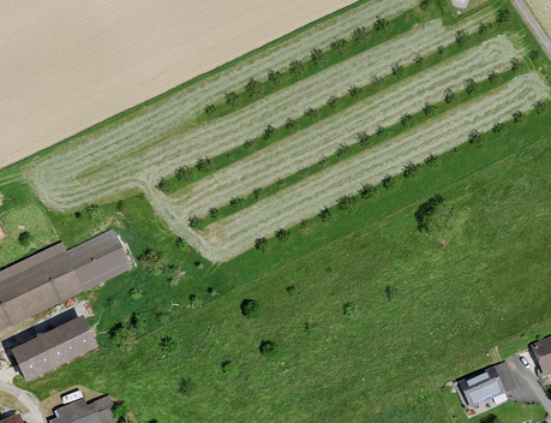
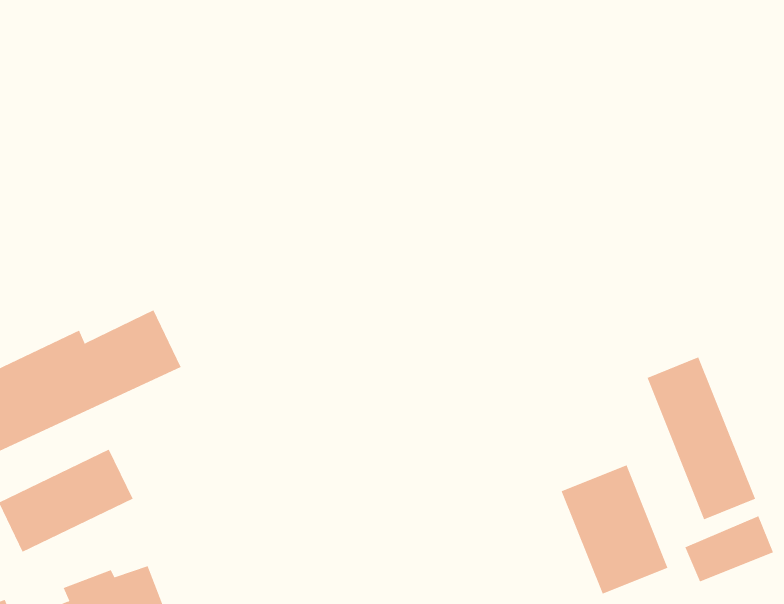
building: none -> [647,356,756,520]
building: none -> [561,464,668,595]

